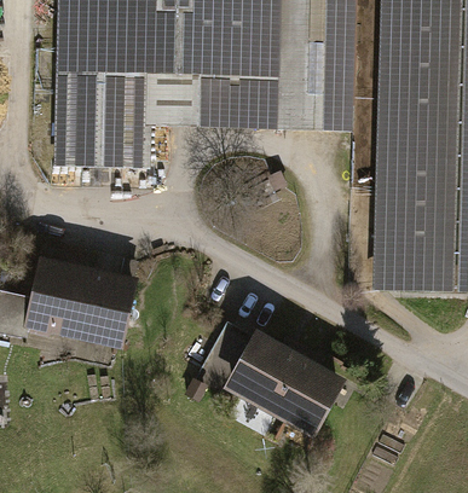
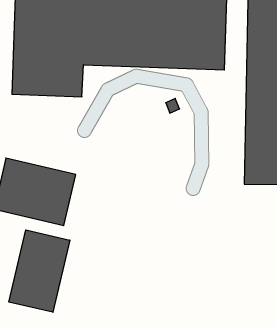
building: [197,317,336,429] -> none
building: none -> [9,230,70,312]

